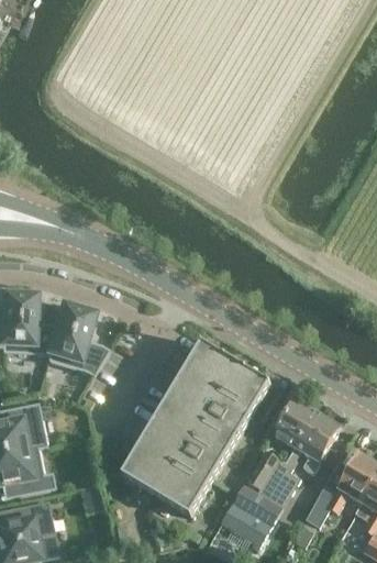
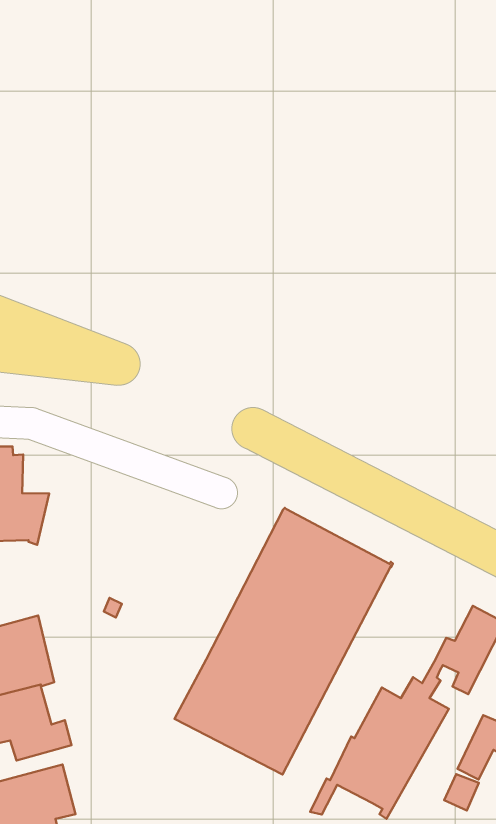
building: [41,302,109,378] -> none
building: [259,398,322,471] -> none

